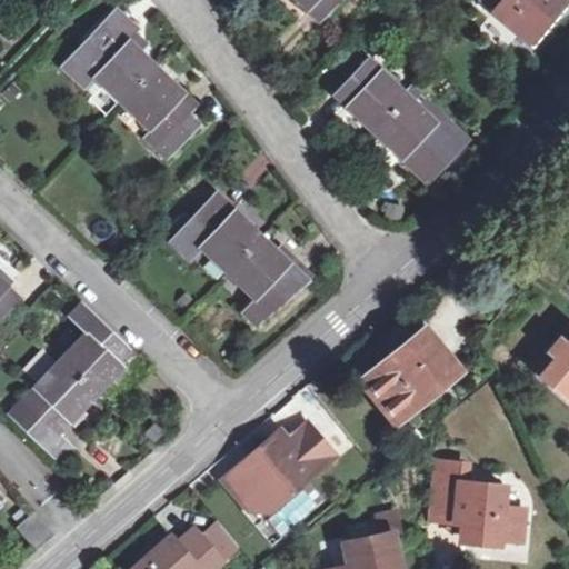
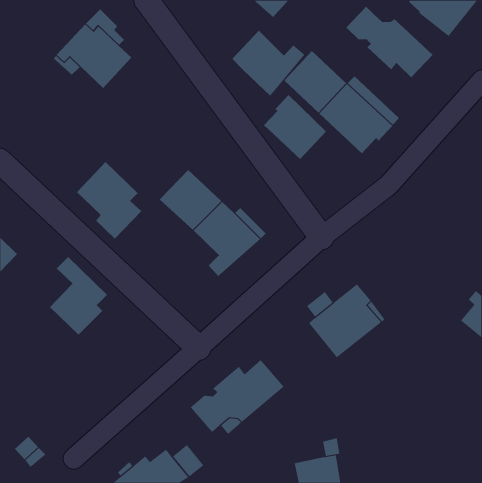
building: none -> [346,6,434,78]
building: none -> [231,30,305,96]
building: [121,68,199,160] -> [76,161,142,240]
building: none -> [263,94,327,160]
building: [7,361,92,460] -> none
building: [428,461,527,541] -> none

